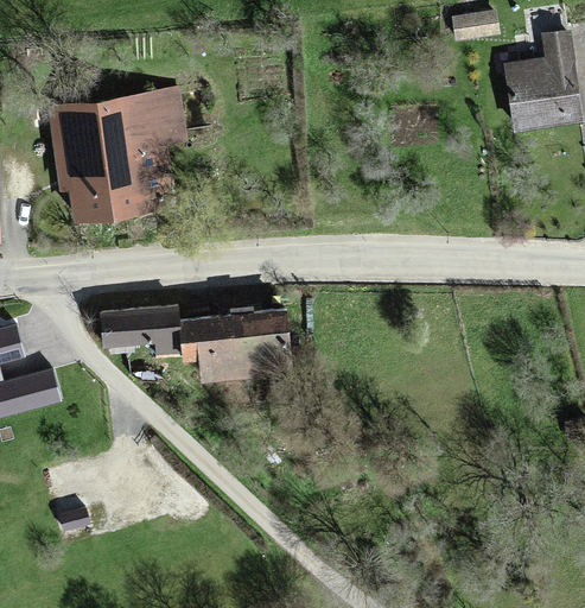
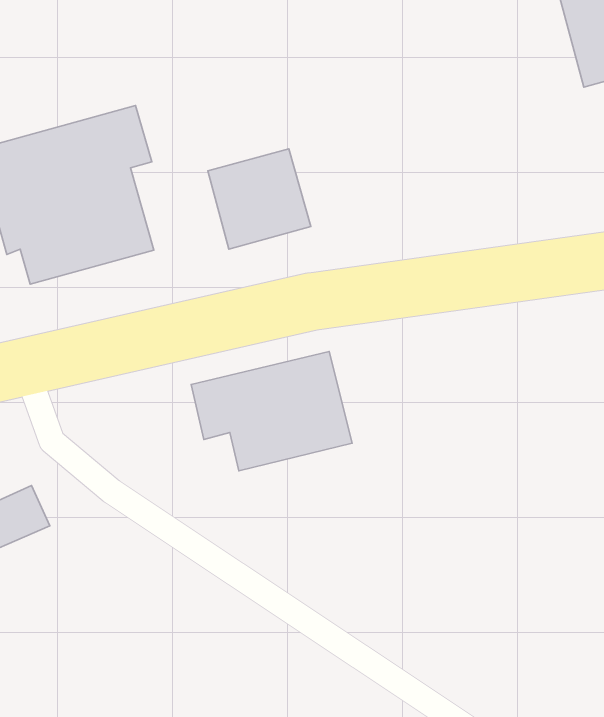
building: none -> [208,149,311,249]
building: [102,291,187,356] -> none

